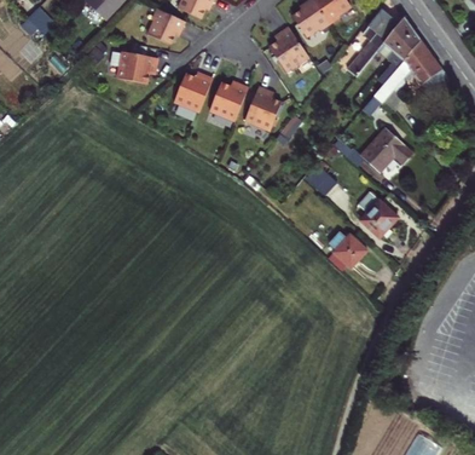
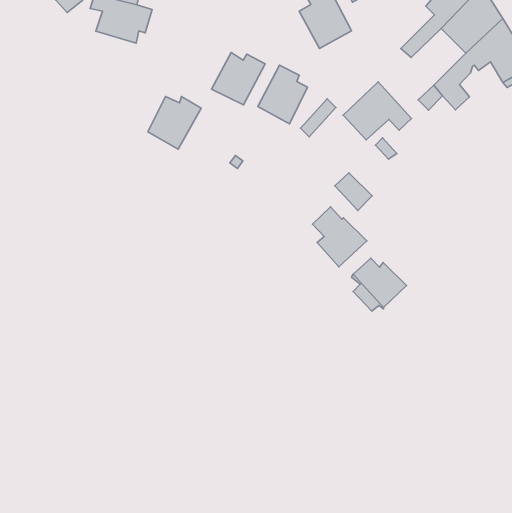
building: [173,74,212,114] -> [148,97,201,149]
building: [360,126,412,171] -> [343,82,411,140]
building: [357,190,399,235] -> [313,207,367,267]

